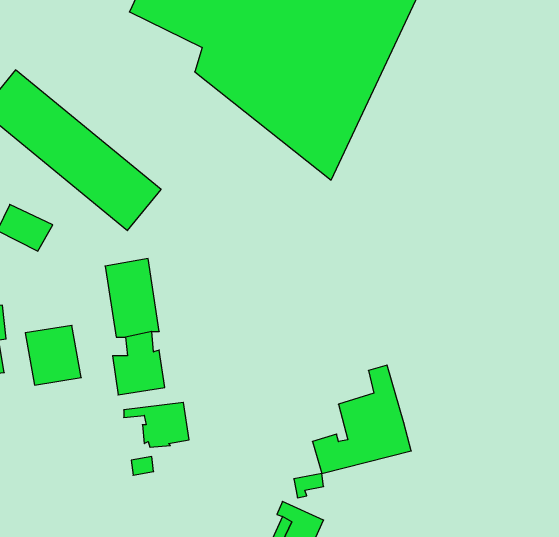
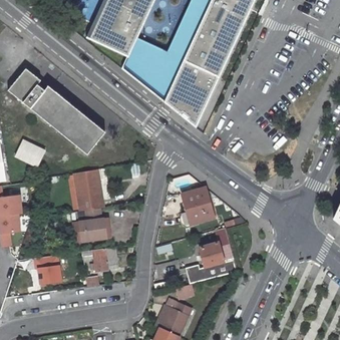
building: none -> [183,186,214,222]
building: [25,325,81,385] -> [35,253,65,285]

